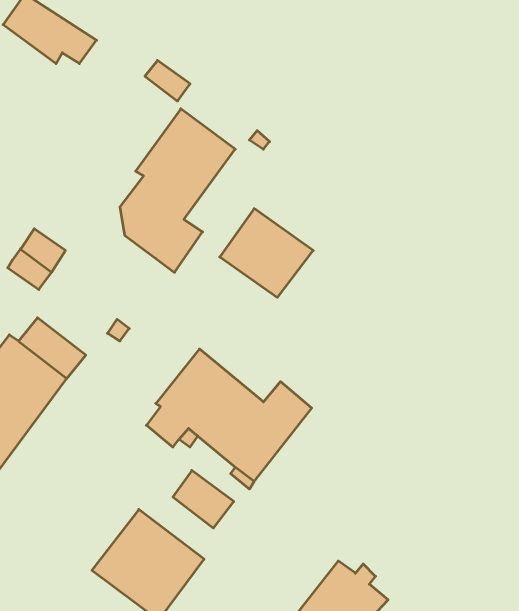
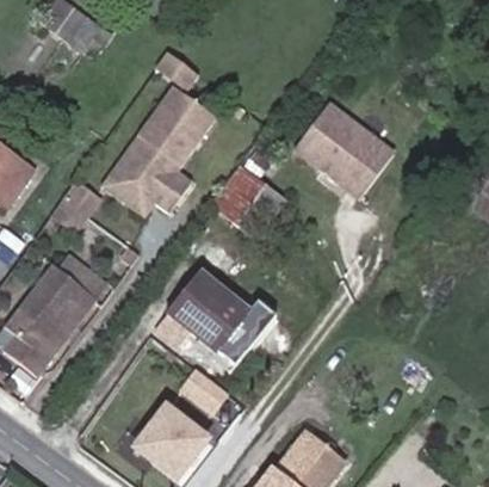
building: none -> [292,101,392,198]
building: none -> [112,136,165,217]

